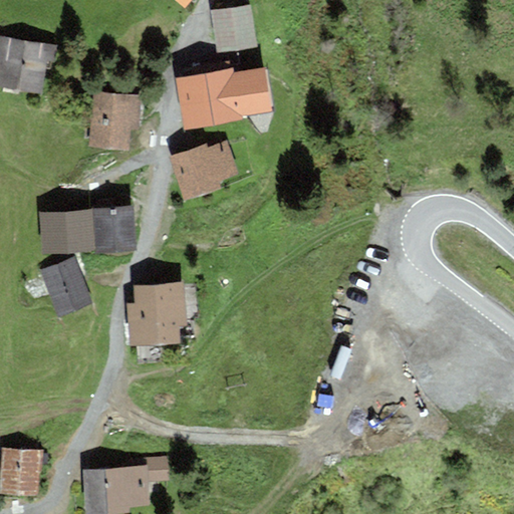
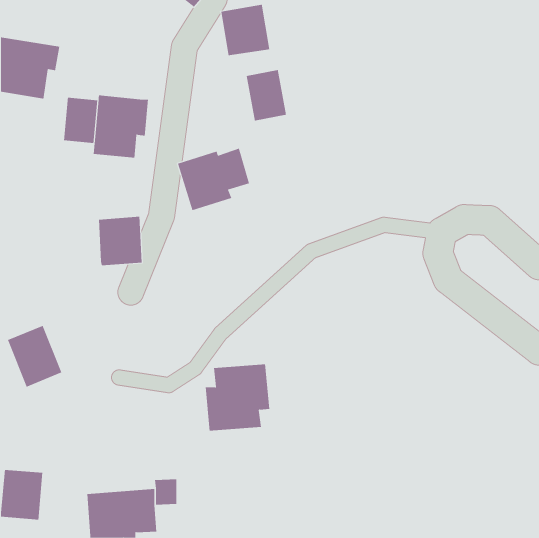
building: [176,67,243,128] -> none
building: none -> [64,97,98,144]
building: [39,209,95,253] -> none
building: [39,257,91,316] -> [7,325,62,387]
building: [125,281,188,345] -> [205,364,270,431]

